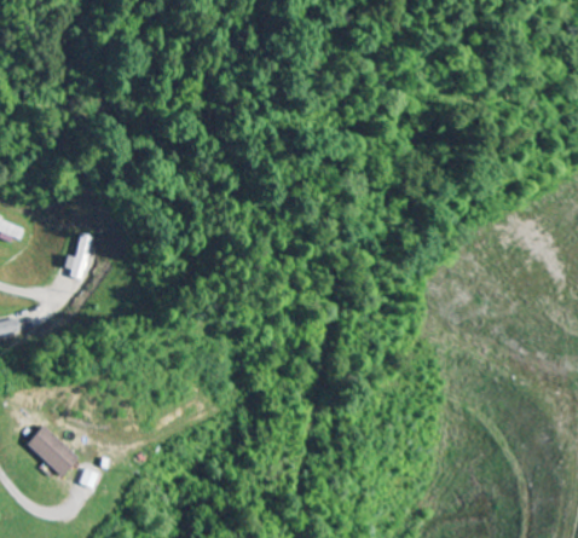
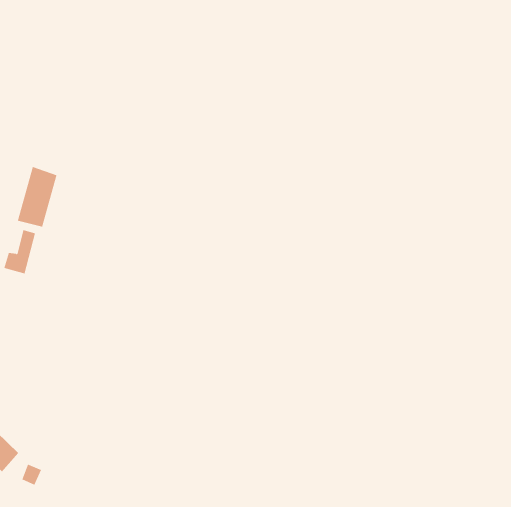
building: none -> [17,166,57,228]

